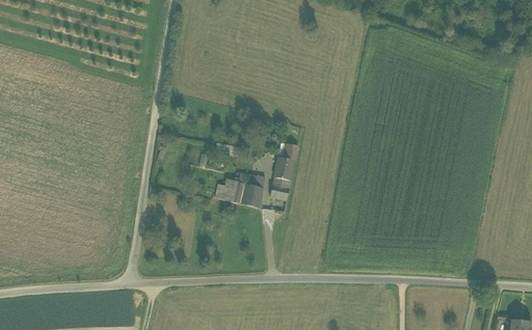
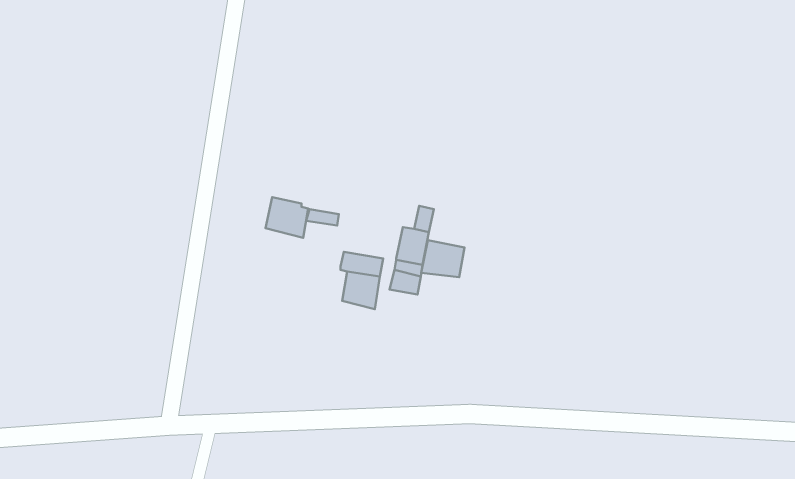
building: none -> [421,240,464,277]
building: [216,177,243,203] -> [266,197,308,238]

